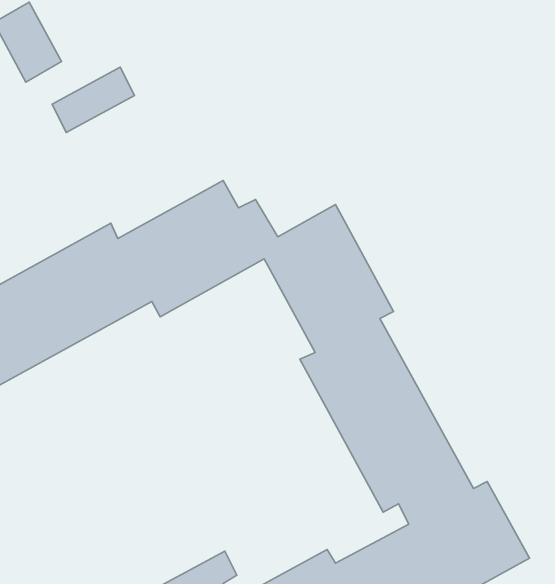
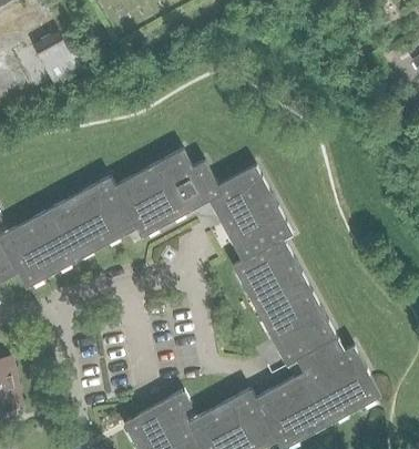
building: [52,67,135,133] -> none

